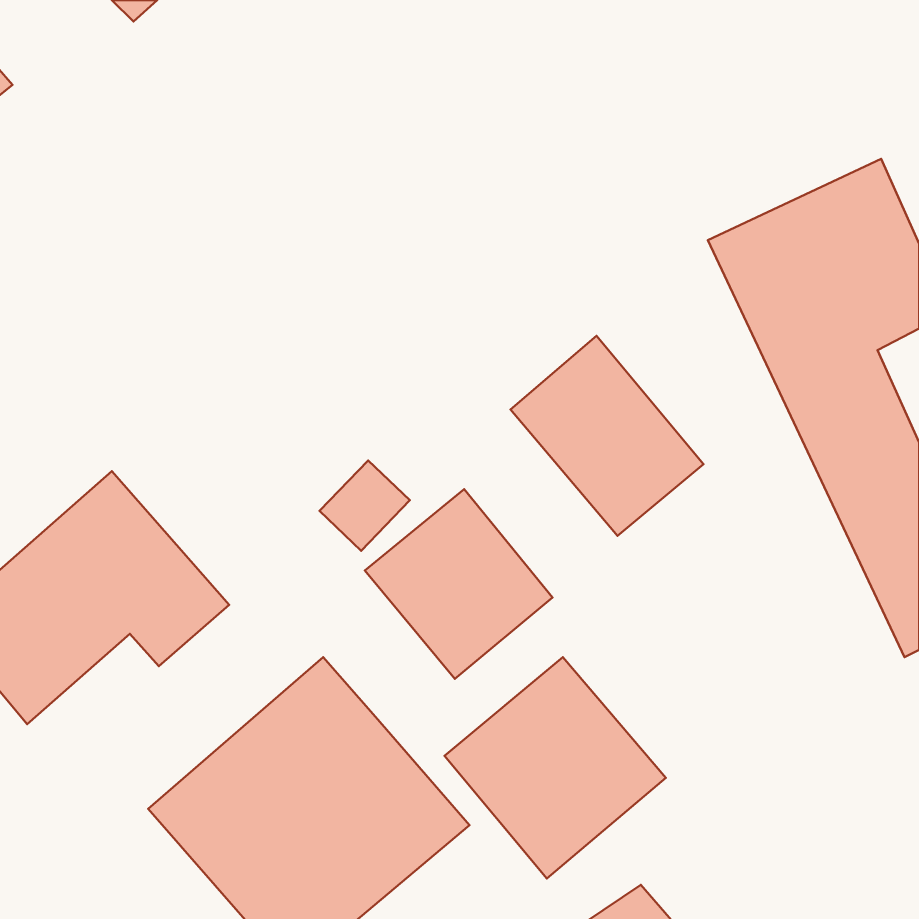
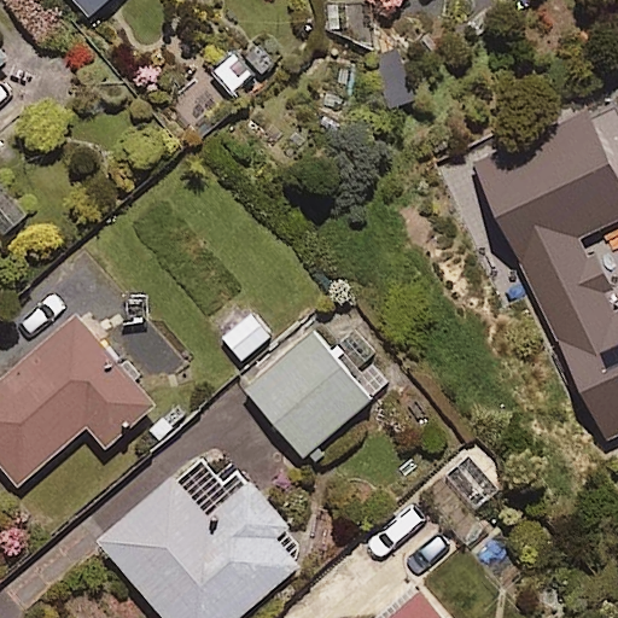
building: [511,336,704,536] -> none
building: [445,657,666,879] -> none

